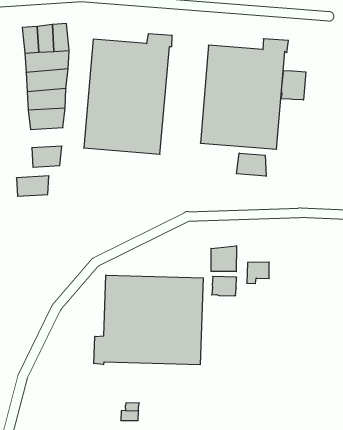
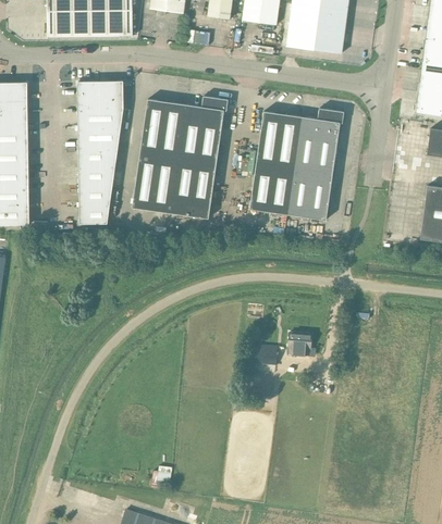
building: [281,71,306,100] -> none
building: [237,153,266,176] -> none
building: [16,176,49,196] -> [79,185,112,203]
building: [211,246,236,272] -> none
building: [94,275,203,365] -> none

